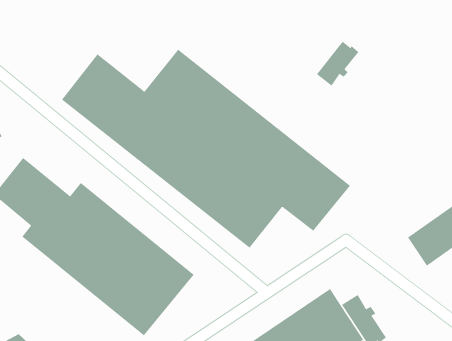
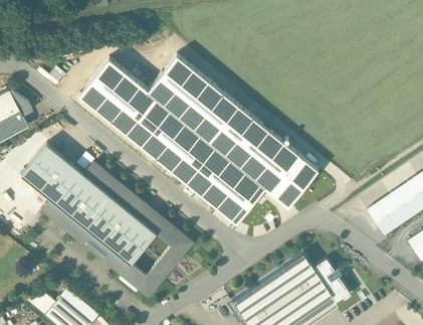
building: [316,41,359,86] -> none

